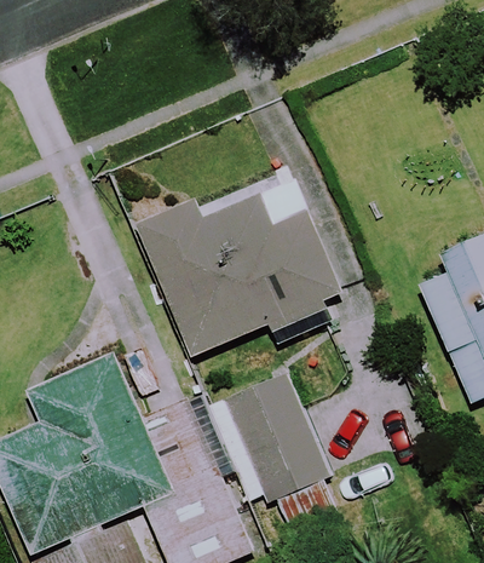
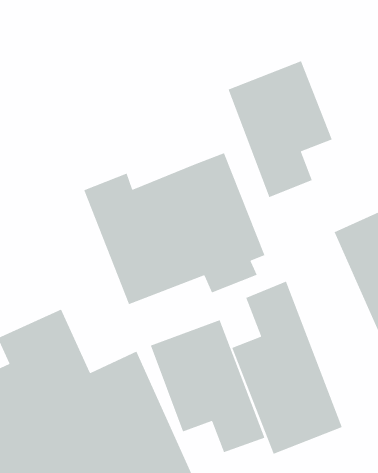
building: none -> [227,60,333,198]
building: none -> [231,281,343,455]

